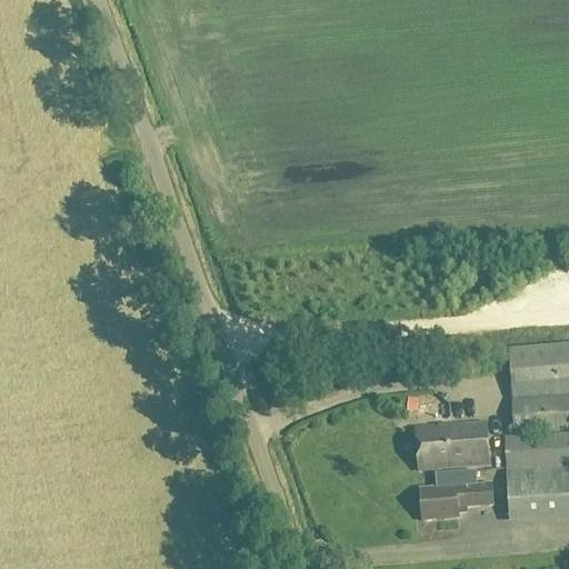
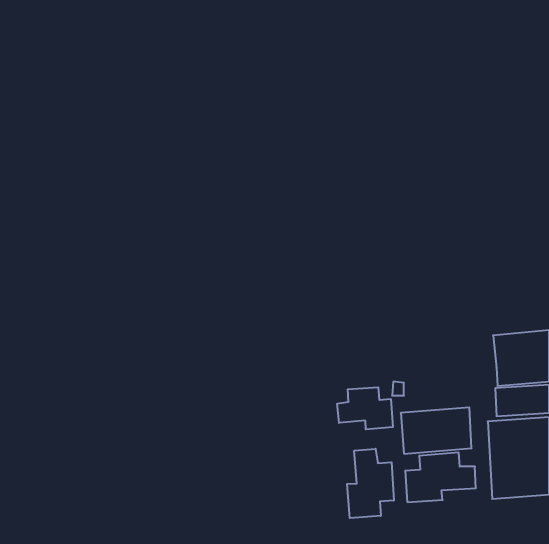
building: none -> [337,387,393,429]
building: none -> [347,449,394,518]

